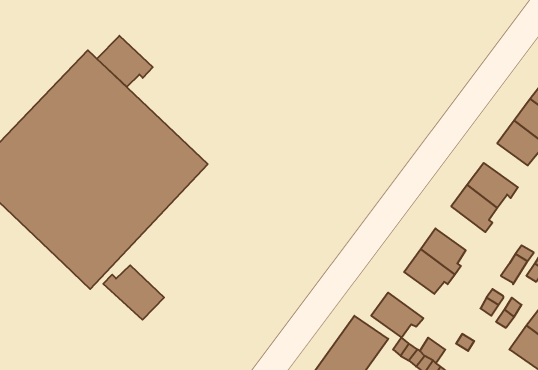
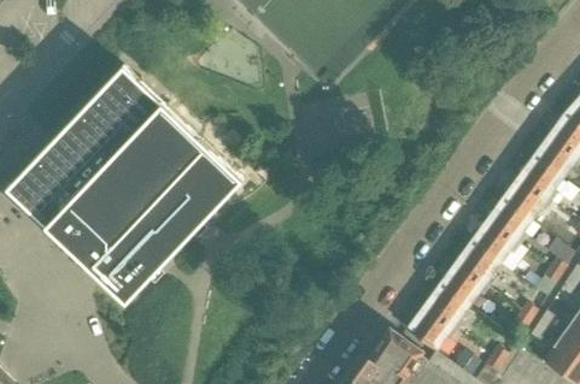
building: [97,36,153,87] -> none
building: none -> [516,158,560,201]
building: none -> [468,220,517,264]
building: [103,265,164,320] -> none
building: none -> [421,285,467,331]

